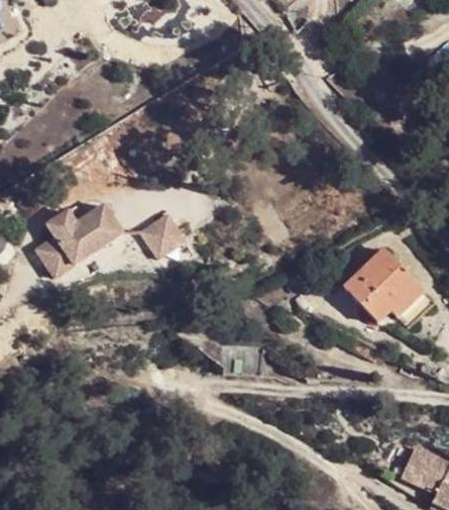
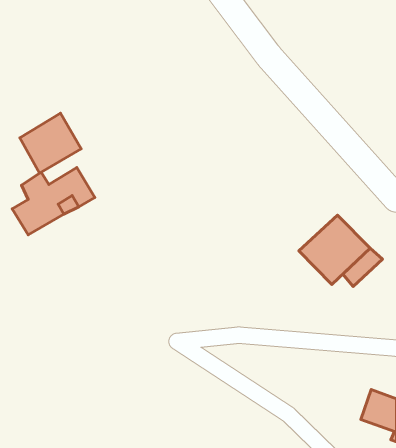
building: none -> [20,113,81,173]
building: [138,211,187,260] -> none

